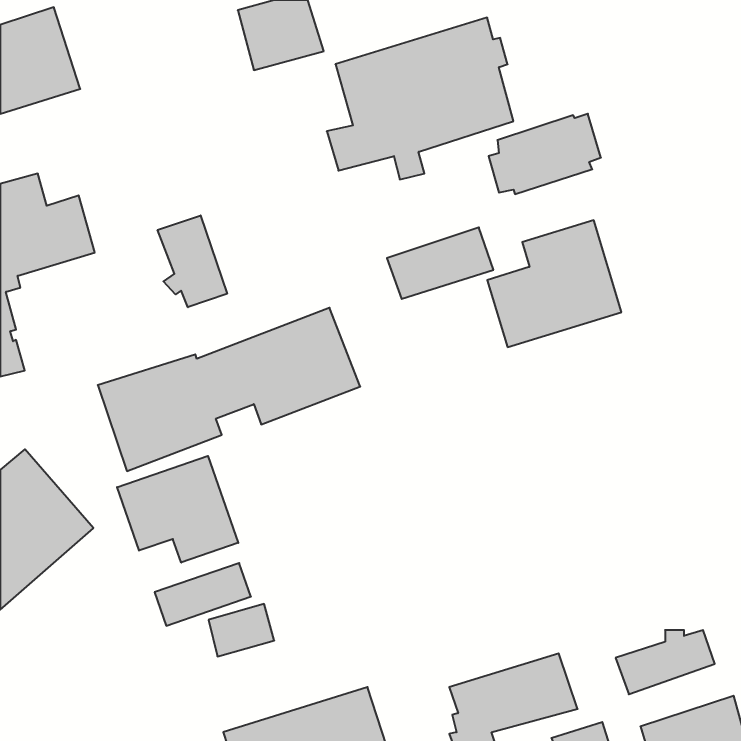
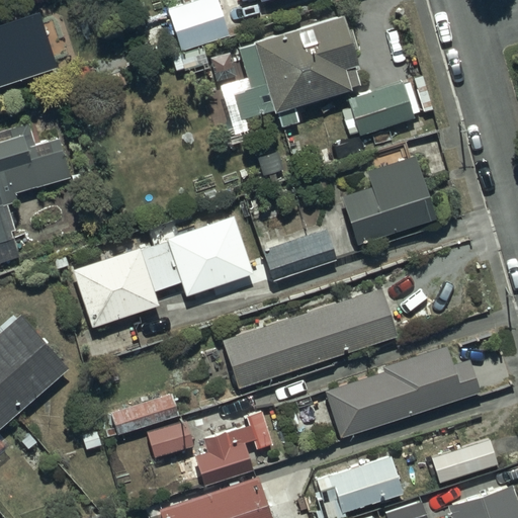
building: [158,215,227,307] -> none
building: [387,227,493,299] -> [261,231,335,280]
building: none -> [221,289,396,390]
building: [117,456,238,563] -> none
building: none -> [324,346,480,439]
building: none -> [193,412,274,488]

